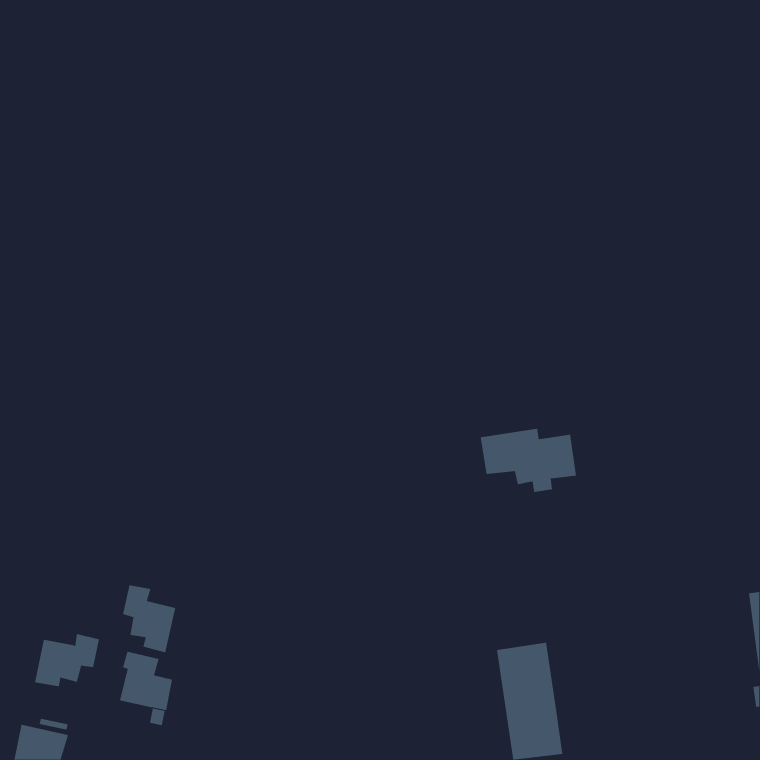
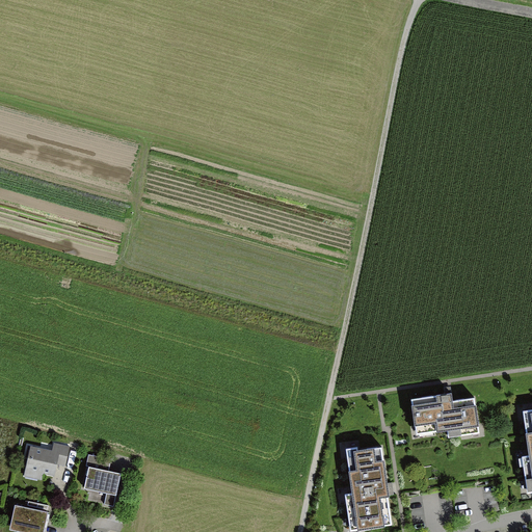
building: [480,428,577,492] -> [410,394,478,438]
building: [122,584,176,653] -> none

